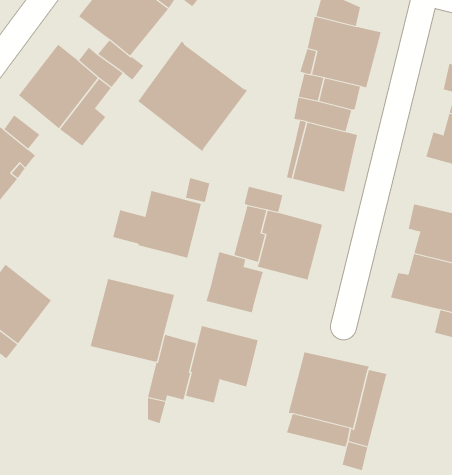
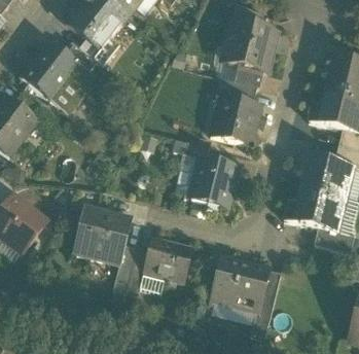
building: [138,40,248,152] -> none
building: [113,190,201,259] -> none
building: [206,251,263,313] -> none

